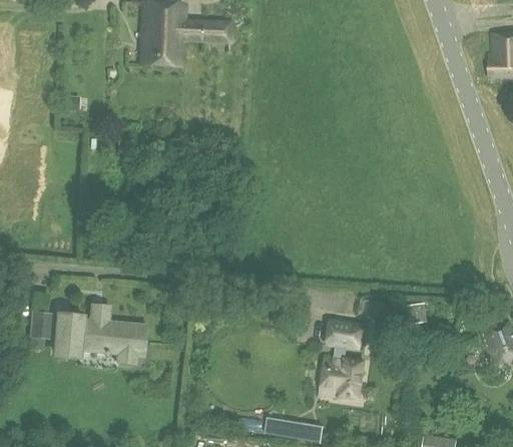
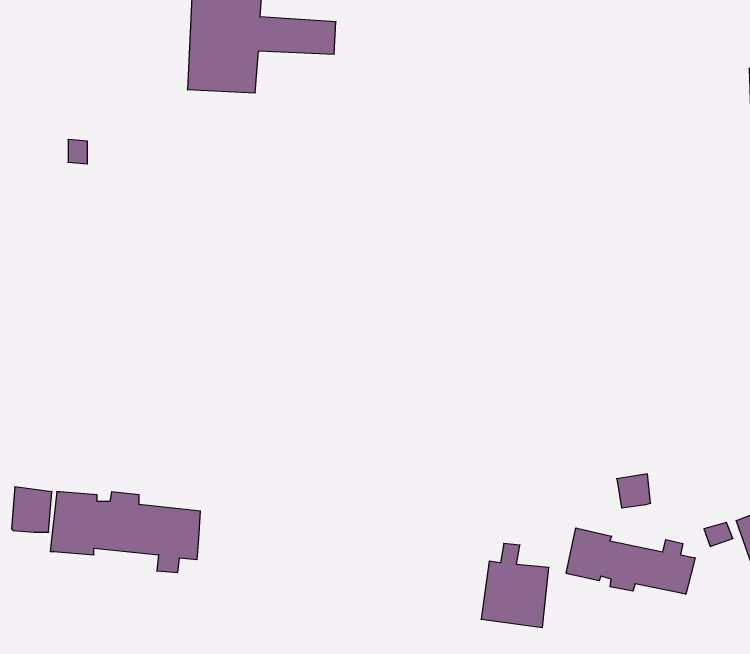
building: [326,320,362,349] -> none
building: none -> [566,528,695,594]

